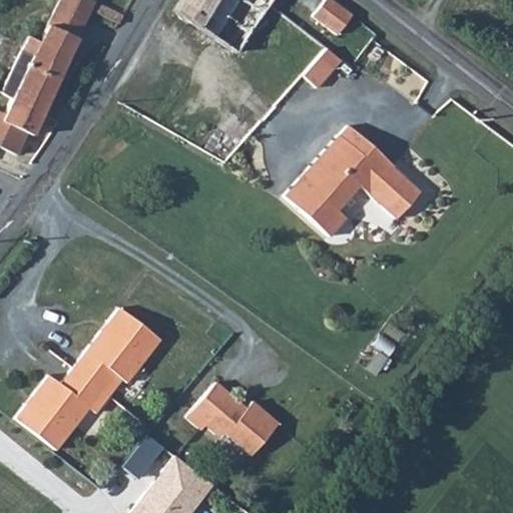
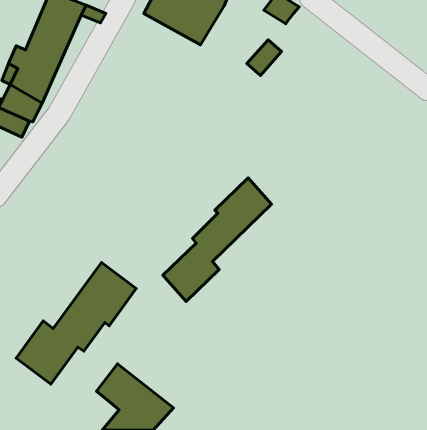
building: [284,121,420,234] -> none
building: none -> [163,178,271,302]
building: [190,382,282,454] -> none

